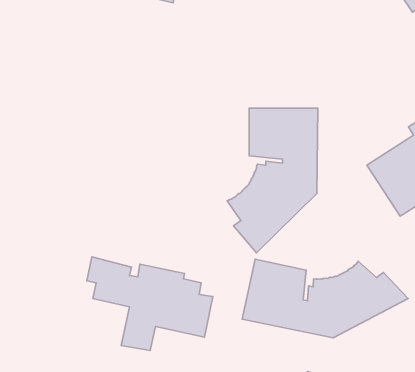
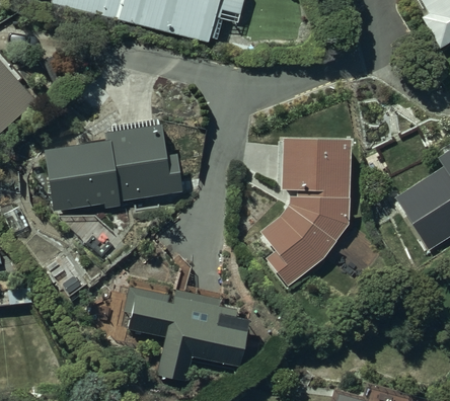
building: none -> [47,128,182,208]
building: [242,259,408,338] -> none

